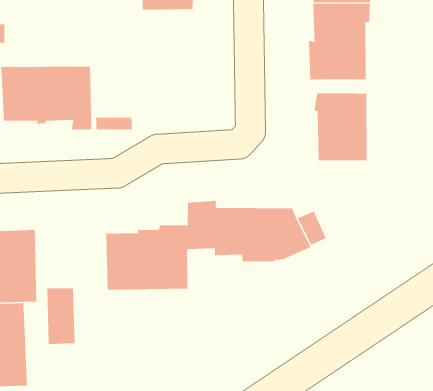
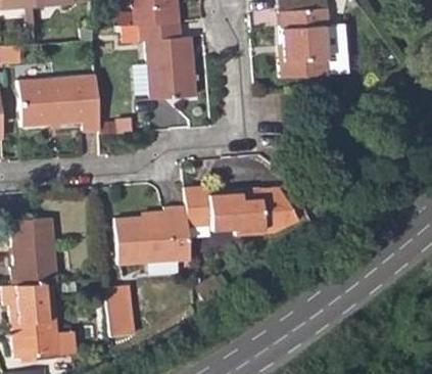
building: none -> [140,21,198,99]
building: [313,93,368,161] -> none
building: [46,288,75,345] -> [103,292,131,342]

